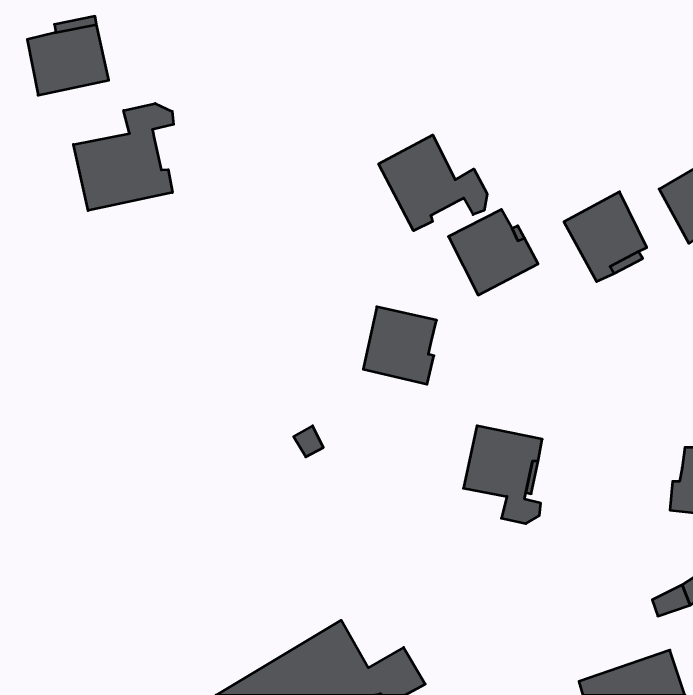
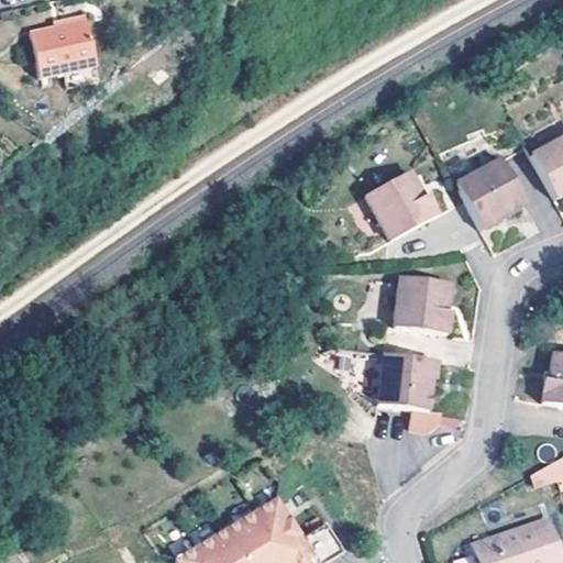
building: [73,103,174,211] -> none
building: [379,135,487,231] -> none
building: [363,307,437,384] -> [398,267,457,330]

